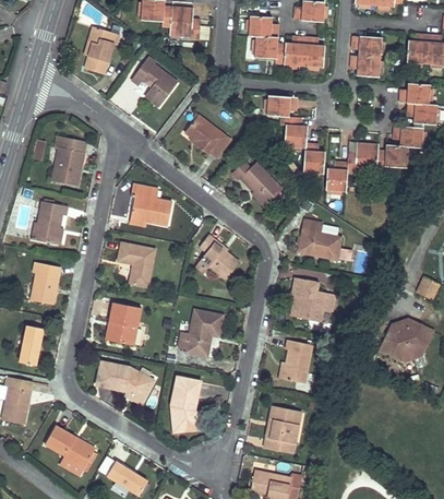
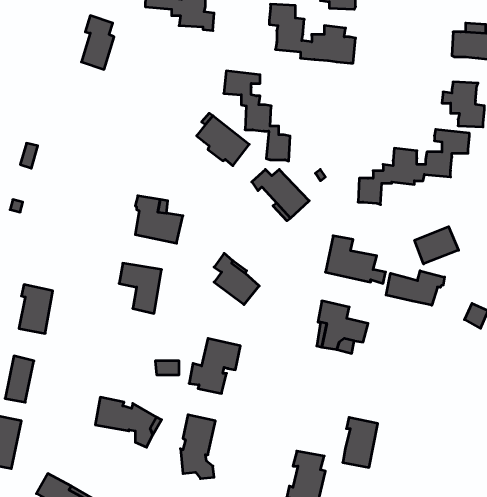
building: [349,37,381,78] -> none
building: [130,57,177,107] -> none
building: [265,96,323,175] -> [224,71,290,161]
building: [51,136,85,185] -> none
building: [33,201,67,245] -> none
building: none -> [415,227,459,264]
building: none -> [386,271,445,305]
building: [108,301,141,345] -> none
building: [380,320,433,361] -> none
building: [281,340,312,383] -> [343,417,378,467]

